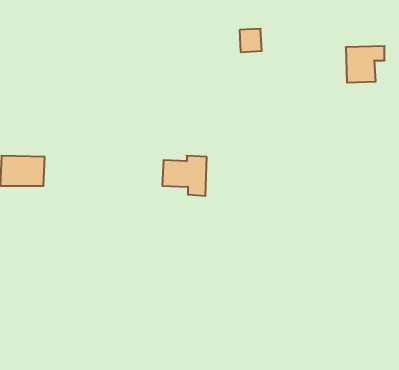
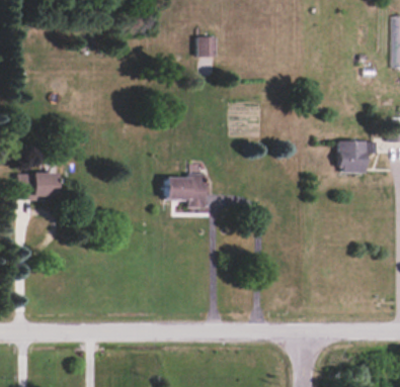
building: [240,29,262,52] -> [196,35,217,57]
building: [346,46,385,83] -> [339,139,375,173]

